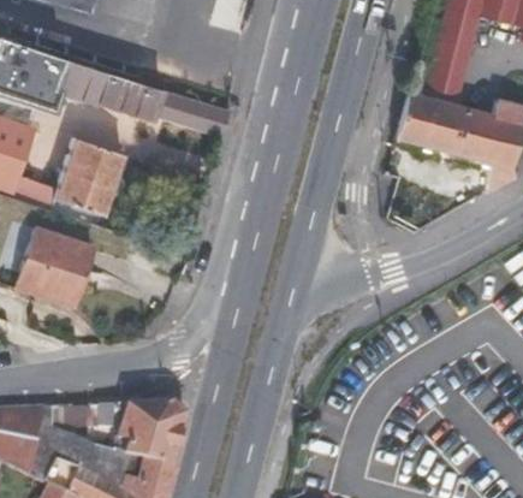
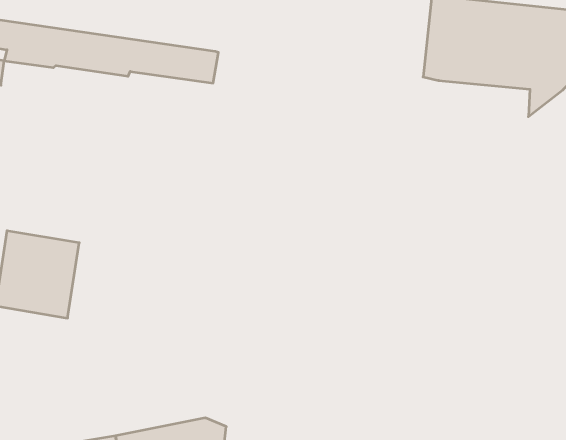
building: [57,140,124,215] -> none

